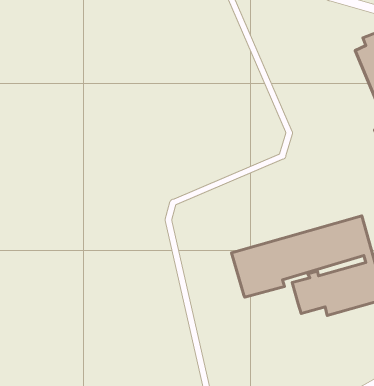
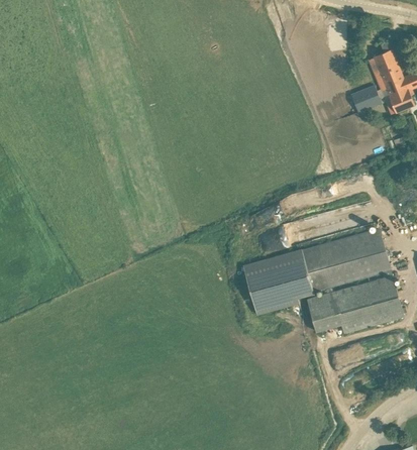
building: none -> [349,85,381,112]

